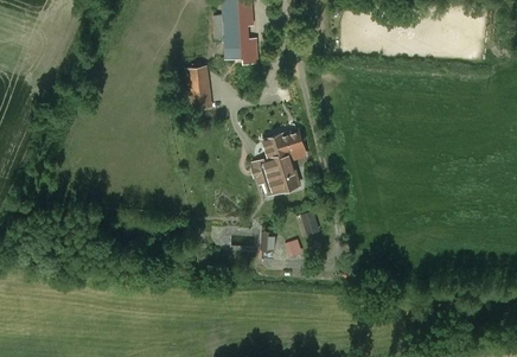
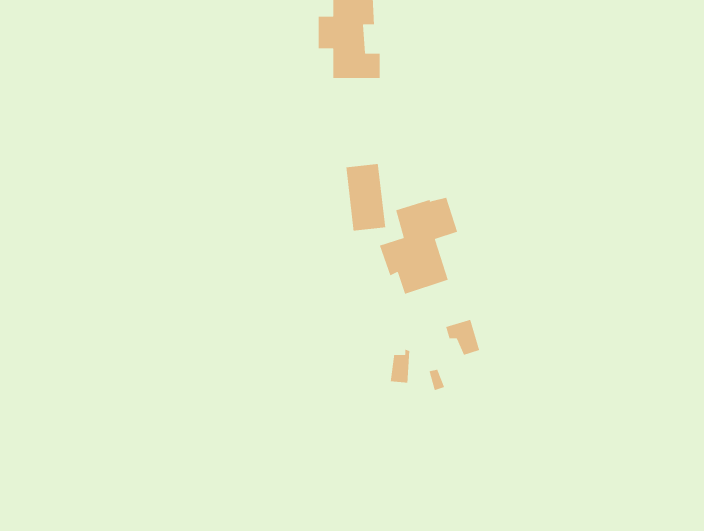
building: [185,66,211,110] -> [345,163,386,232]

